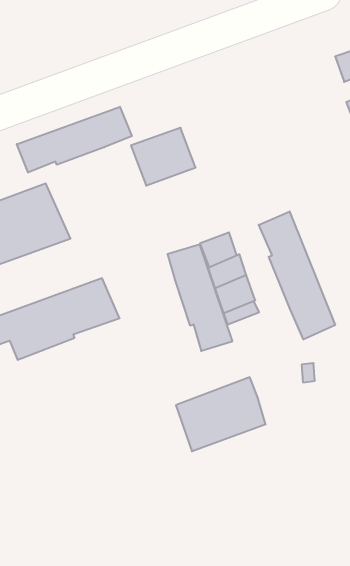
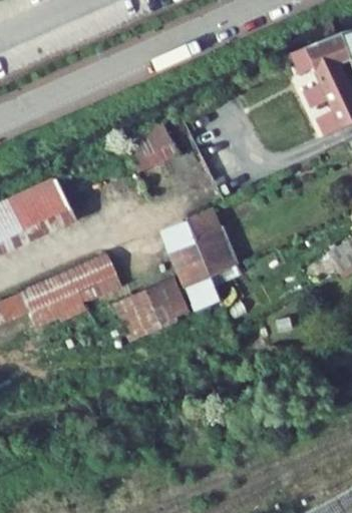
building: [17,107,132,173] -> none
building: [259,211,335,339] -> none
building: [176,377,266,451] -> [113,276,191,342]

